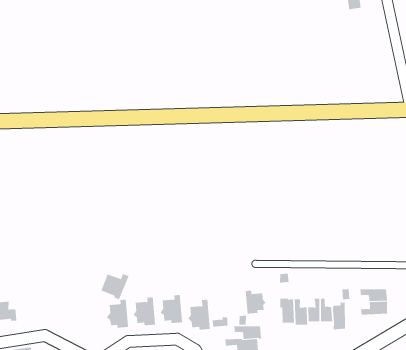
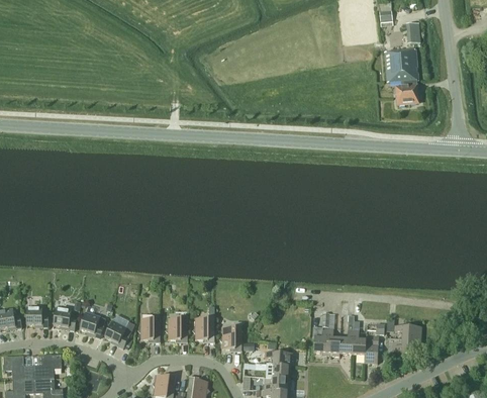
building: none -> [385,48,419,106]
building: [100,273,129,300] -> [105,320,135,347]
building: [245,290,266,314] -> none
building: none -> [54,306,77,330]
building: none -> [80,311,106,337]

